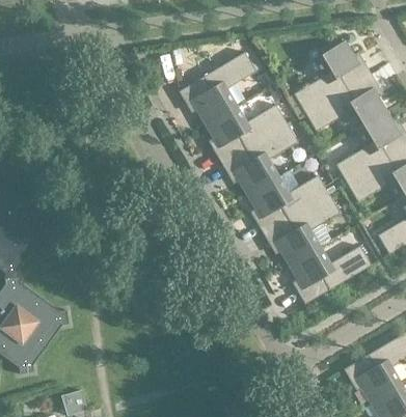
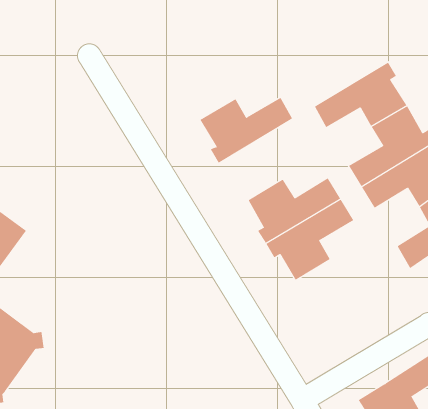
building: [293,39,370,111] -> none
building: [178,51,255,122] -> none
building: [220,121,297,193] -> none
building: [288,244,371,302] -> none

